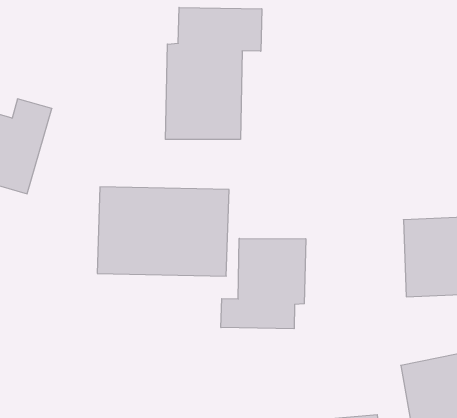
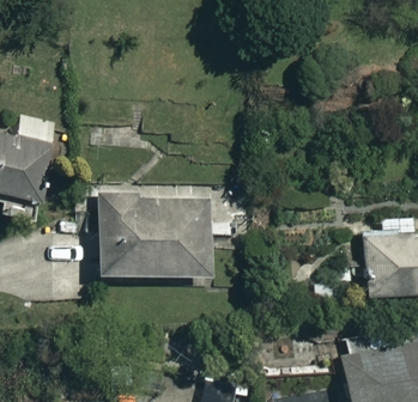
building: [165,7,262,139] -> none
building: [221,238,306,329] -> none

